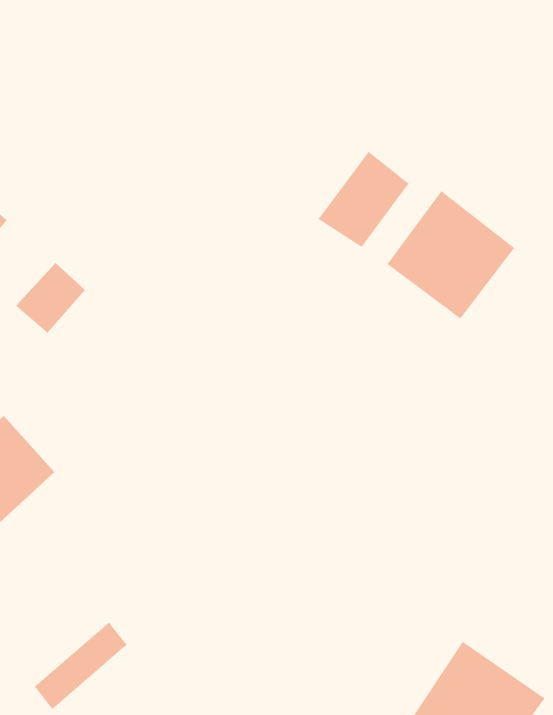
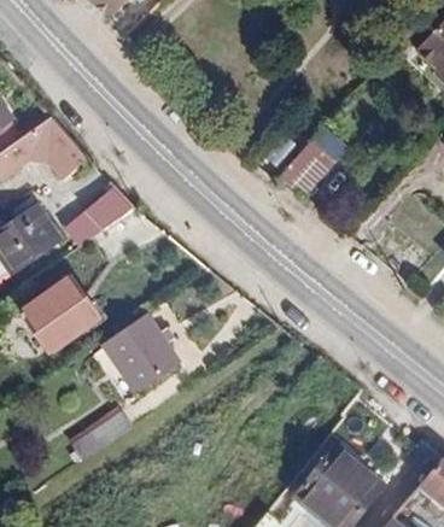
building: [387,190,515,320] -> none
building: none -> [99,314,179,393]

